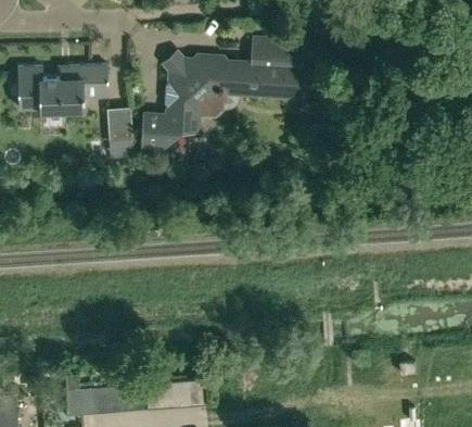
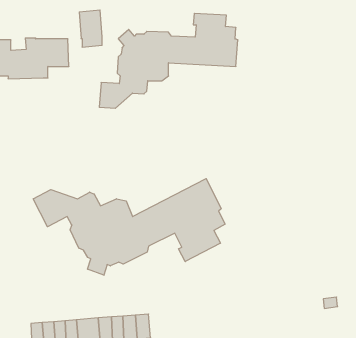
building: [107,108,133,150] -> [79,10,102,47]
building: none -> [33,179,225,275]

